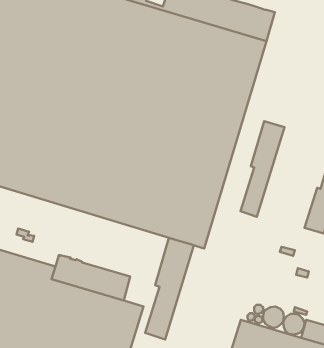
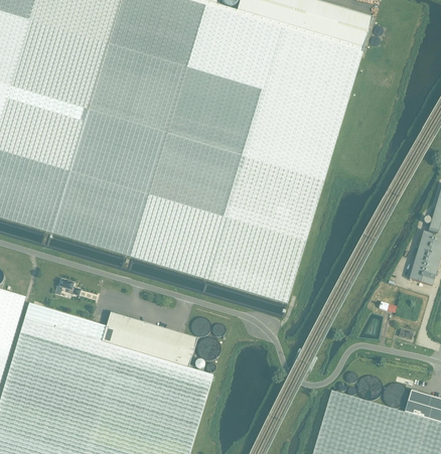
building: [241,121,285,217] -> none
building: [145,238,194,340] -> none

